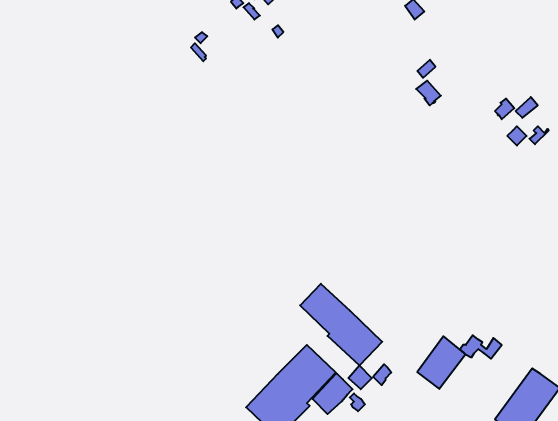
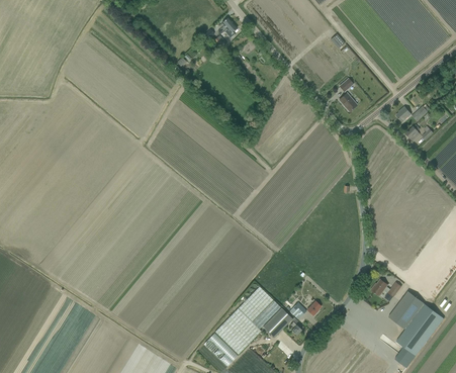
building: [300,284,382,366] -> none
building: [417,336,466,389] -> [388,291,424,330]

